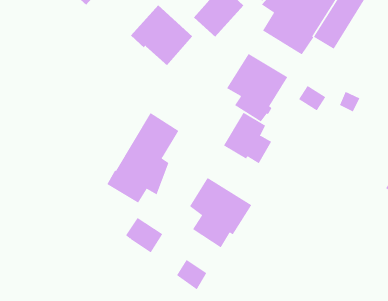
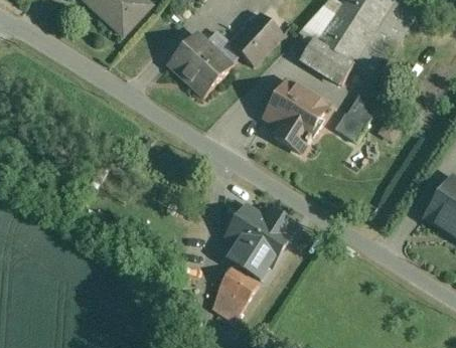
building: none -> [345,93,378,126]
building: [223,112,272,164] -> none
building: [107,112,179,204] -> none
building: [125,217,163,253] -> [218,267,257,303]

